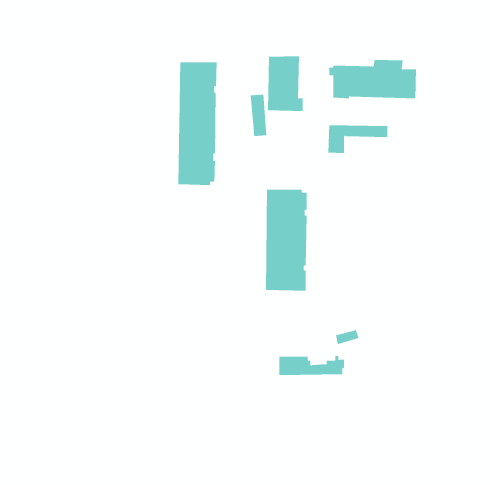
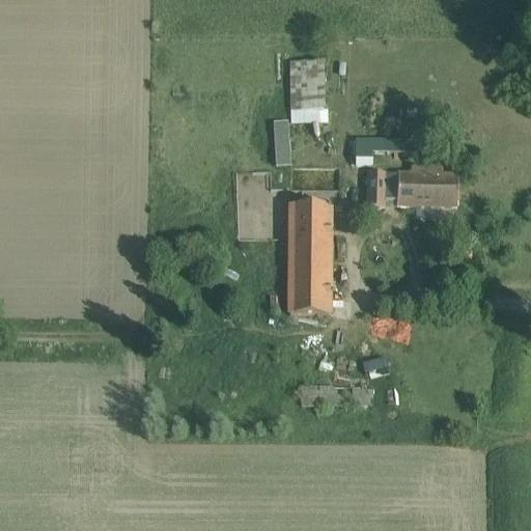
building: [329,59,417,99] -> [363,163,458,205]
building: [178,61,217,186] -> none

